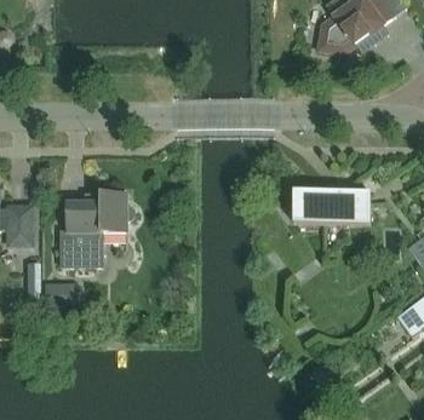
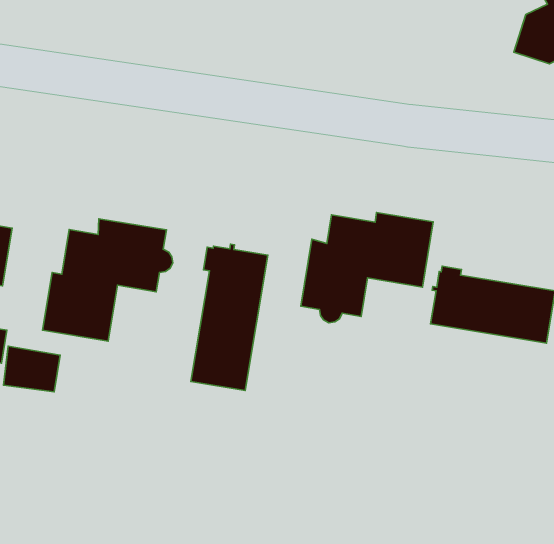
building: none -> [301,212,433,323]
building: none -> [191,244,268,391]

